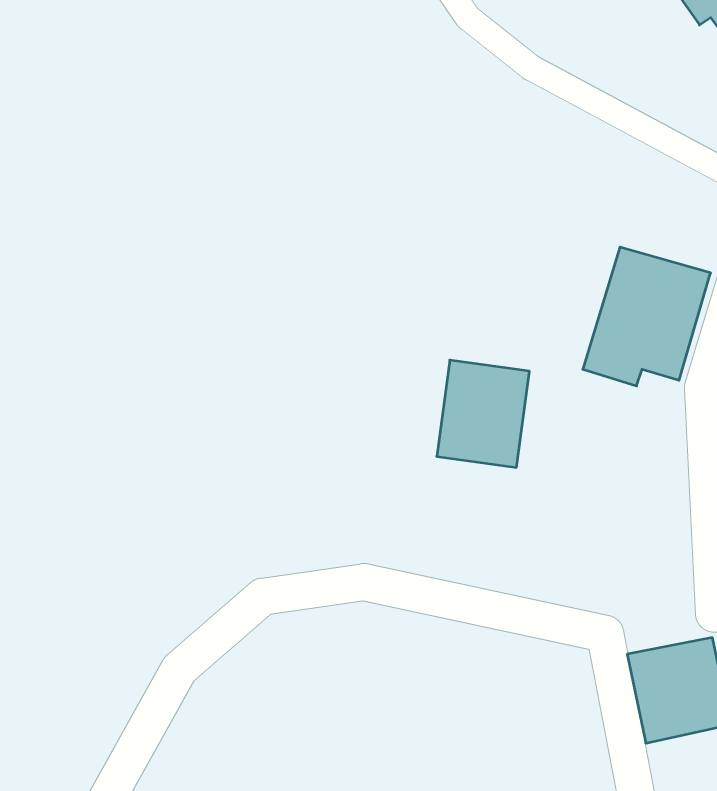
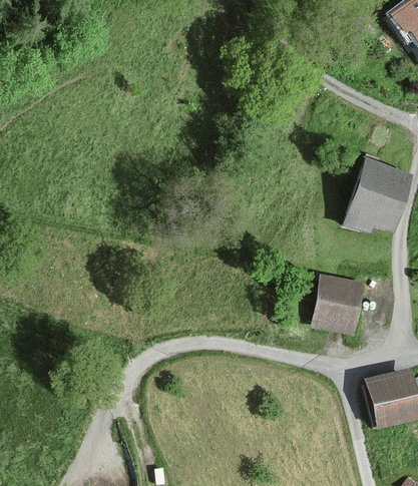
building: [437,360,529,467] -> [313,276,363,334]

